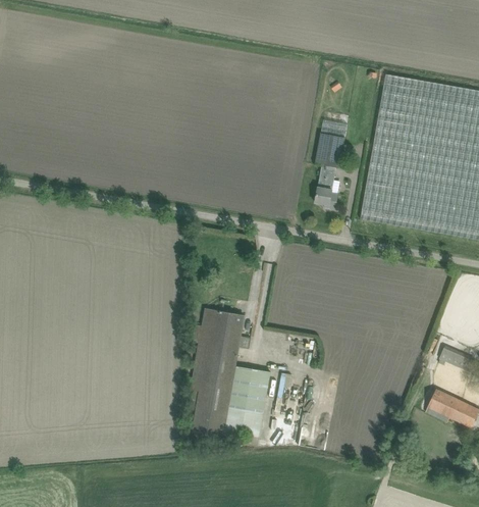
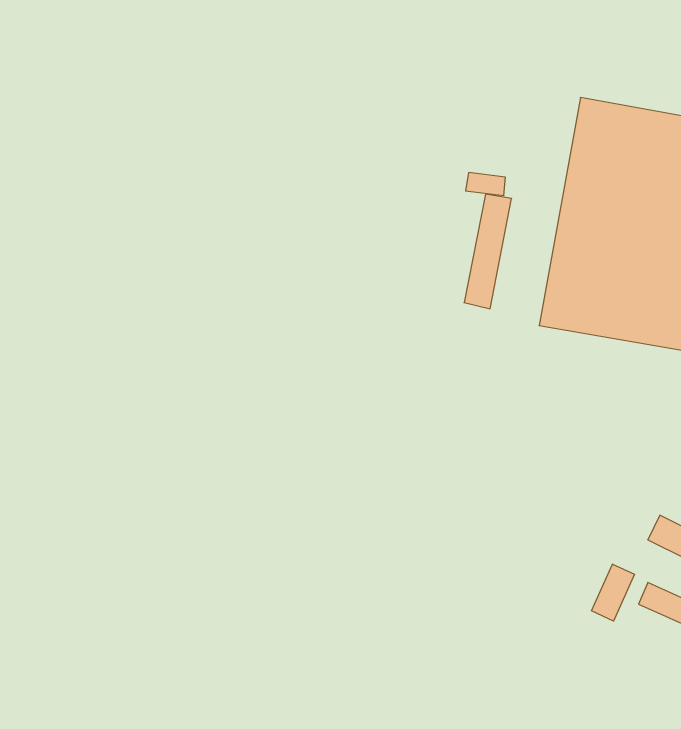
building: [190,307,268,436] -> none
building: none -> [591,564,635,621]

